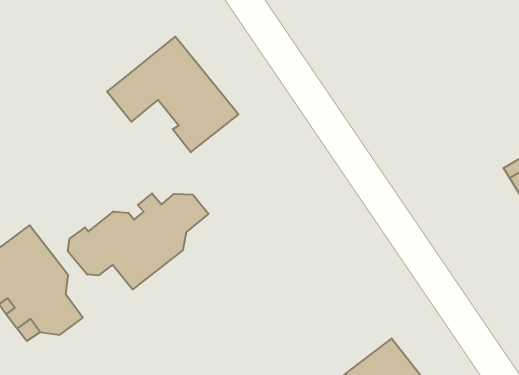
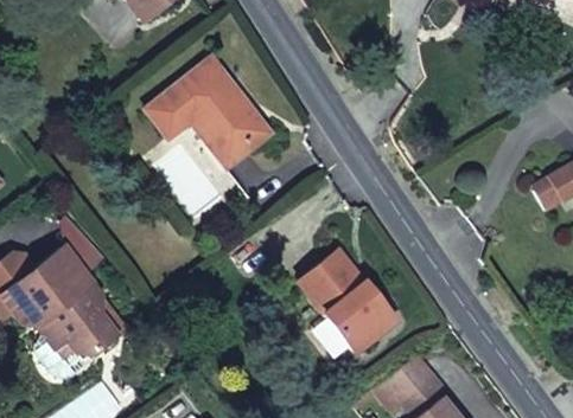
building: [68,193,209,289] -> none
building: none -> [300,249,395,351]

